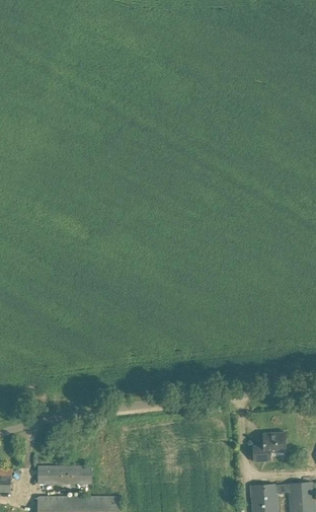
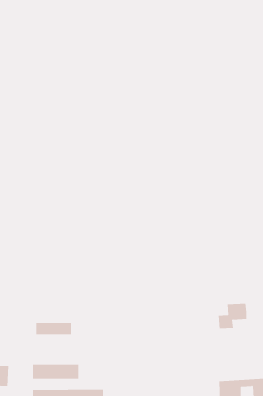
building: none -> [36,322,72,335]
building: [252,432,286,461] -> [218,303,247,329]

